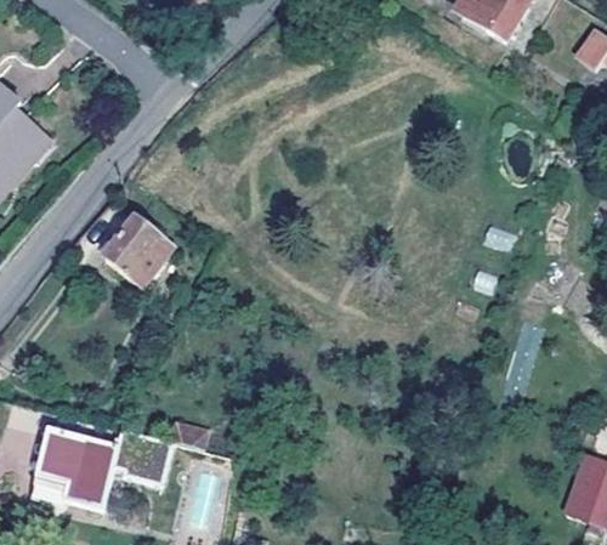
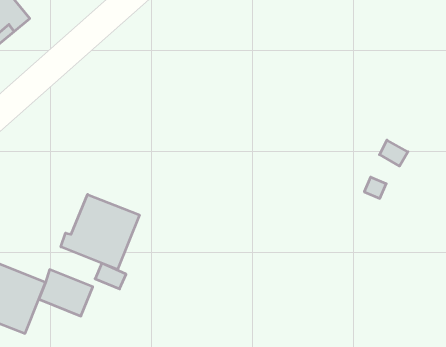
building: [103,216,172,285] -> none
building: none -> [61,194,139,269]

